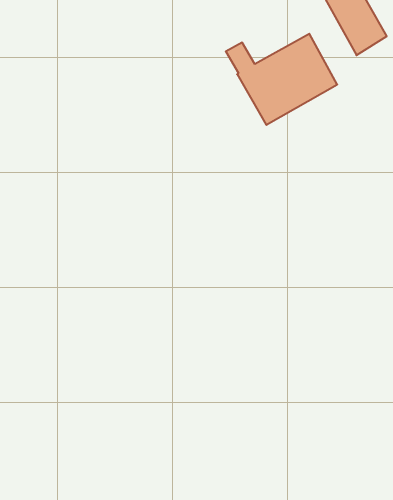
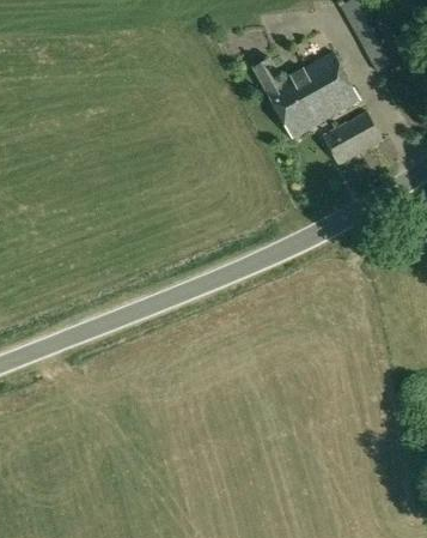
building: none -> [323,111,383,164]

